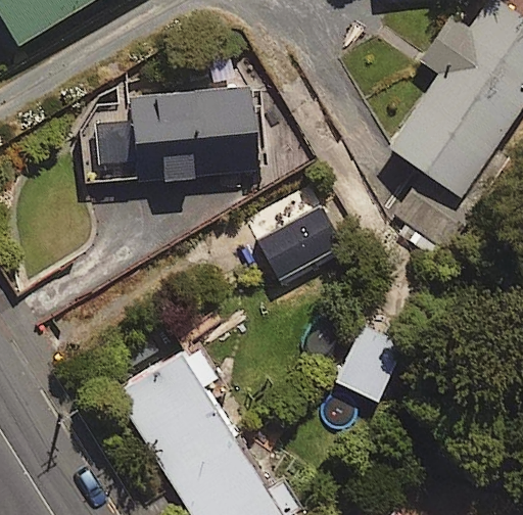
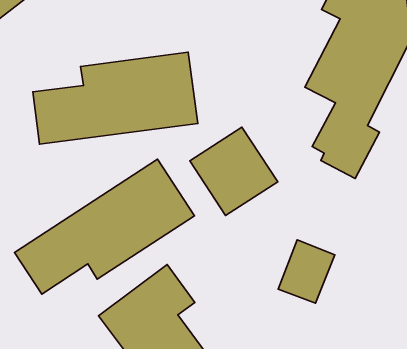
building: none -> [14,159,194,294]

